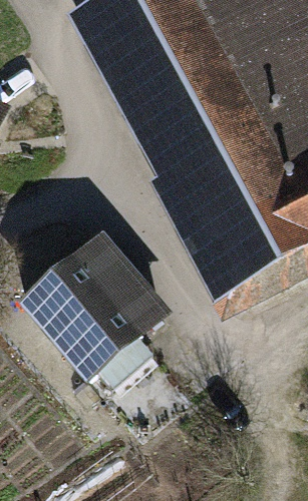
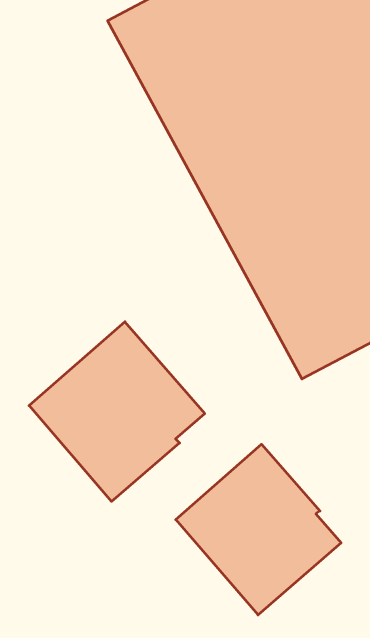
building: none -> [176,444,341,615]

